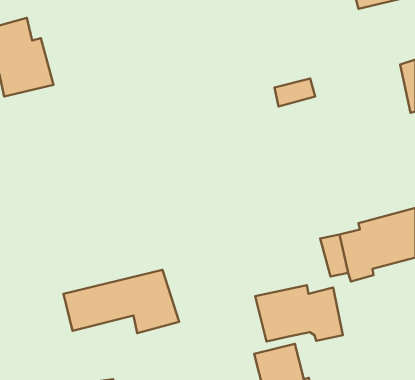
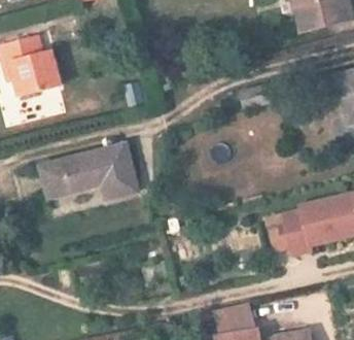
building: [64,270,179,333] -> [35,148,129,200]
building: [255,285,343,342] -> none

